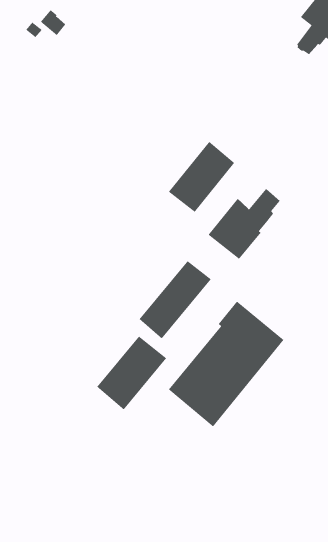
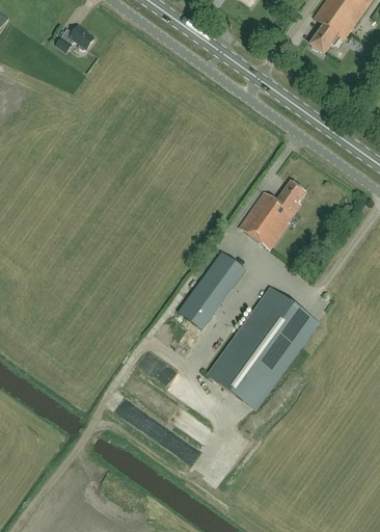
building: [168,141,235,213] -> none
building: [96,336,167,410] -> none

